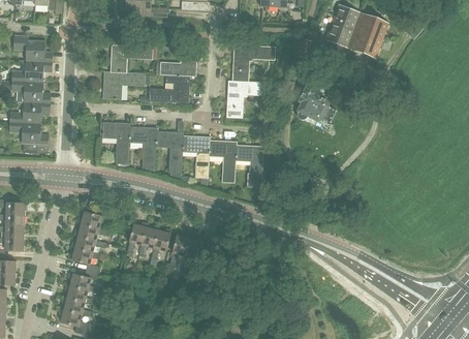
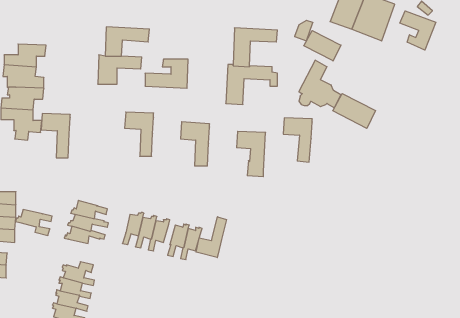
building: none -> [400,11,436,50]
building: [13,34,53,61] -> none
building: none -> [304,31,341,61]
building: [159,48,196,75] -> none
building: none -> [333,94,376,128]
building: [101,121,129,163] -> [41,114,70,158]
building: [155,130,183,173] -> none
building: [209,140,237,182] -> [283,118,312,162]
building: none -> [196,217,226,258]
building: [67,247,102,272] -> [16,210,52,235]

